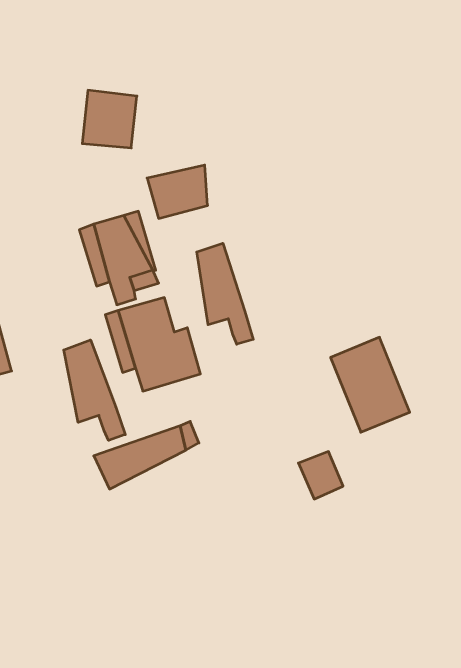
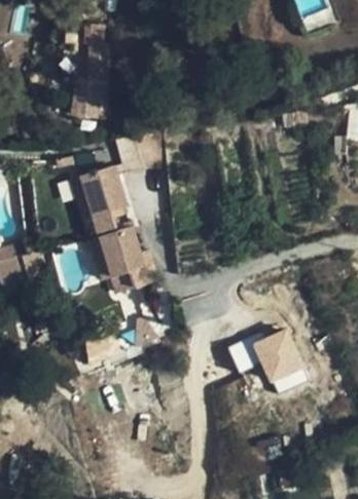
building: [197,243,253,344] -> none
building: [331,337,410,432] -> [254,327,311,394]
building: [64,340,125,440] -> none

